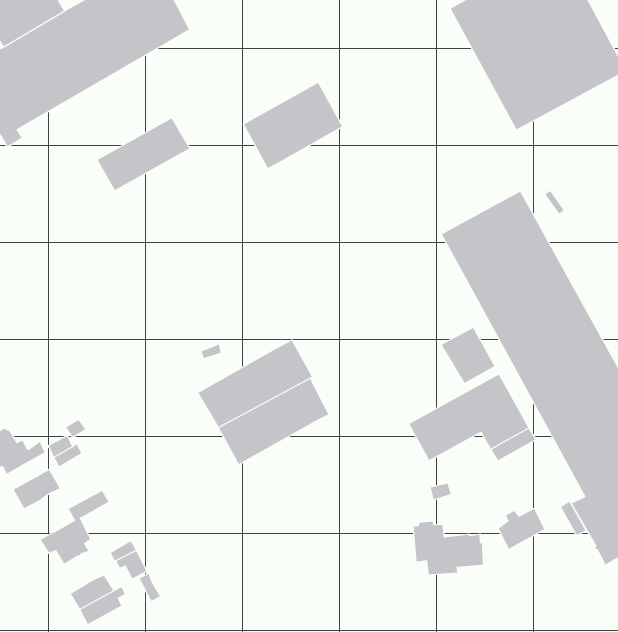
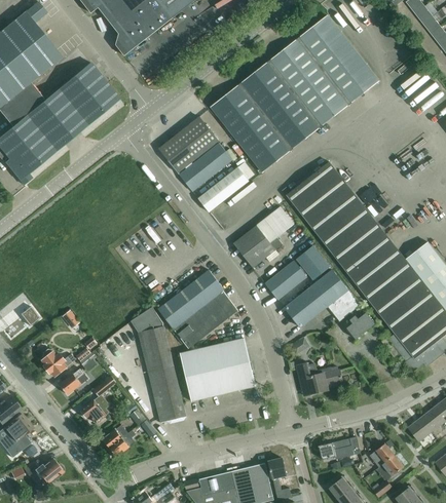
building: none -> [211,62,320,172]
building: [97,118,190,191] -> [179,143,232,191]
building: none -> [198,163,254,212]
building: none -> [233,206,292,268]
building: none -> [265,261,307,300]
building: none -> [131,306,186,423]
building: none -> [180,338,256,401]
building: [498,508,545,550] -> [347,313,375,340]

